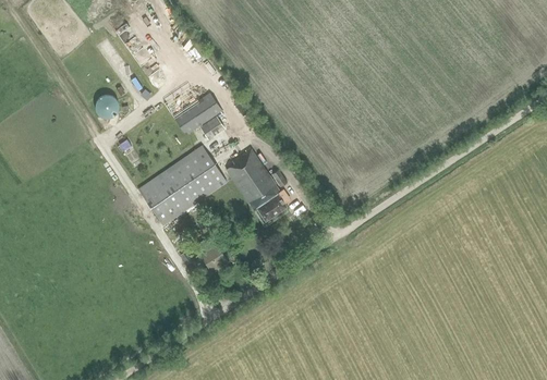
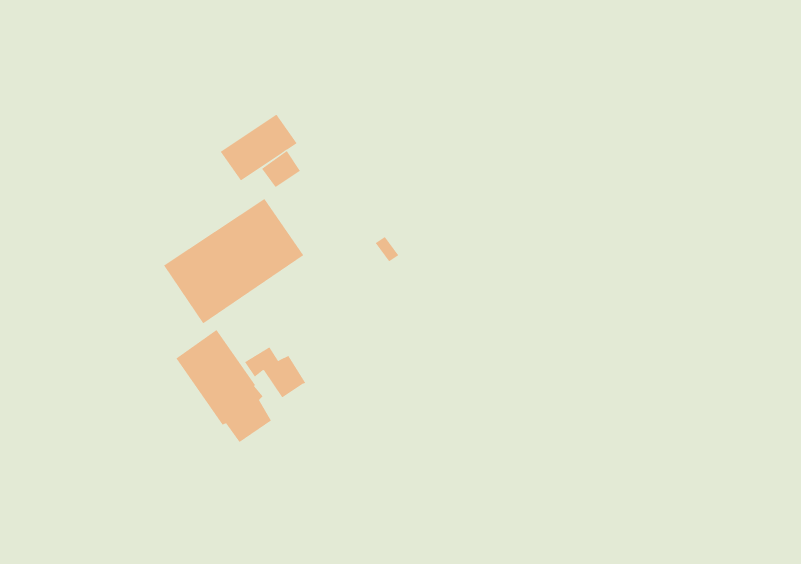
building: [95,95,119,119] -> none
building: [224,149,285,221] -> [176,329,272,443]

